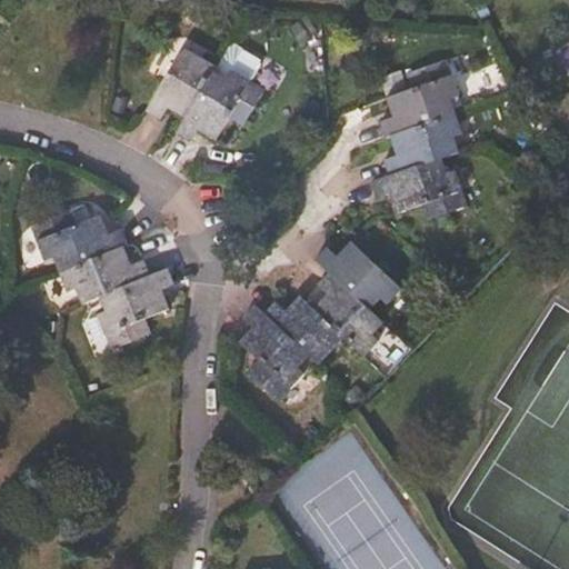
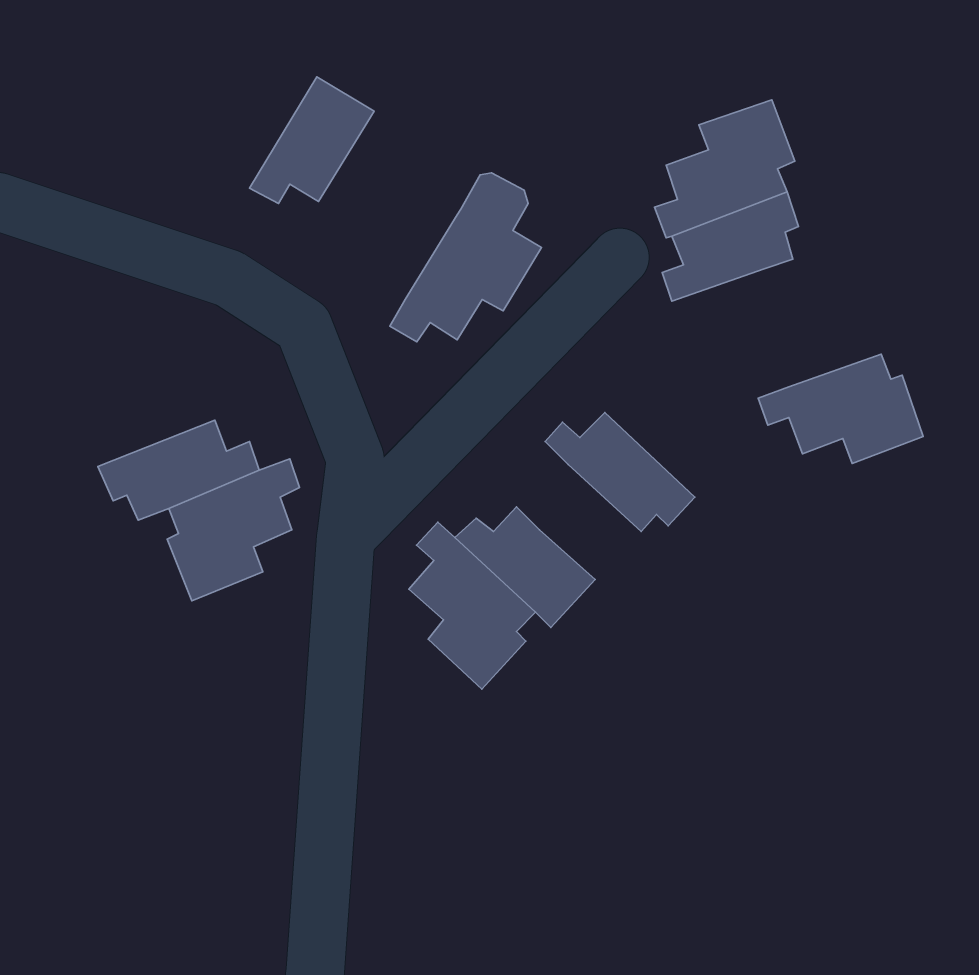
building: [176,43,263,141] -> [390,173,542,342]
building: [371,156,467,219] -> [758,354,923,463]
building: [30,207,128,270] -> none
building: [312,269,385,356] -> none

